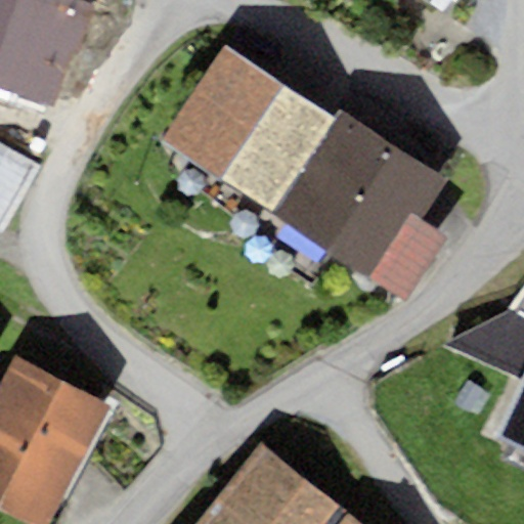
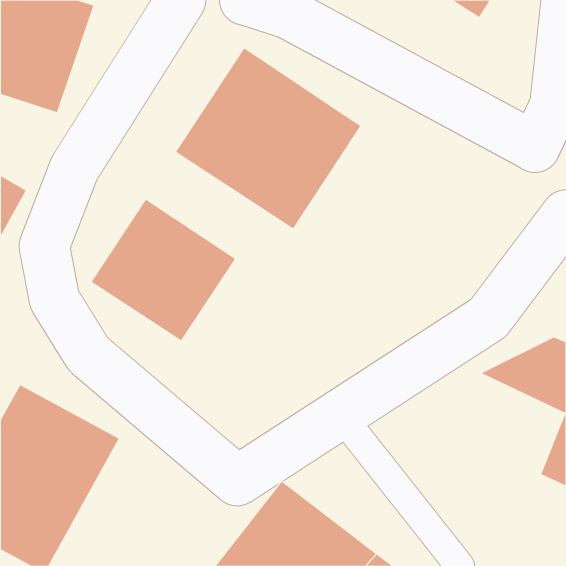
building: [271,107,448,301] -> none
building: none -> [91,199,236,341]

